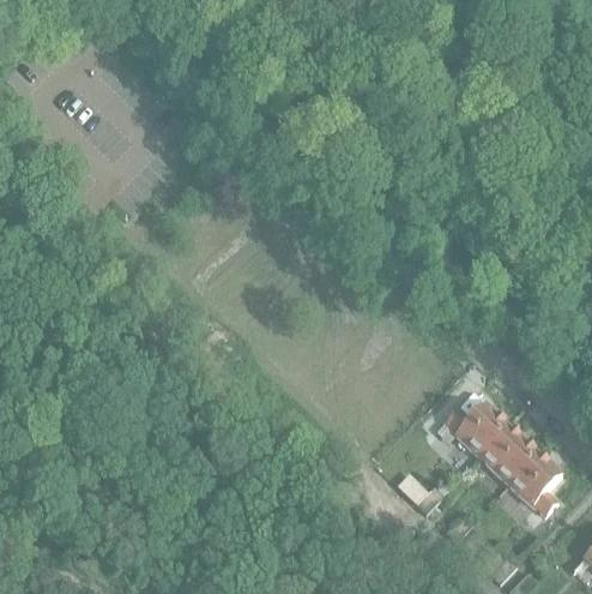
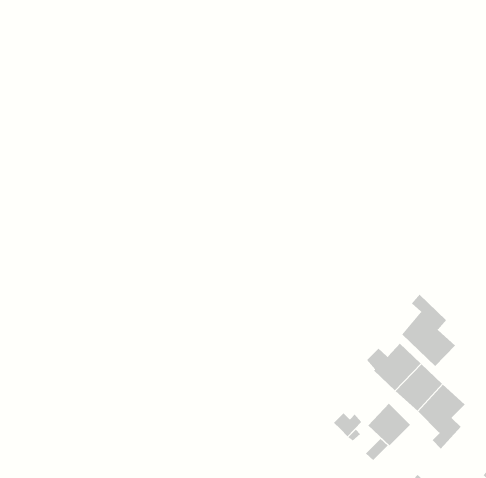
building: none -> [401,294,456,367]
building: none -> [368,403,411,446]

